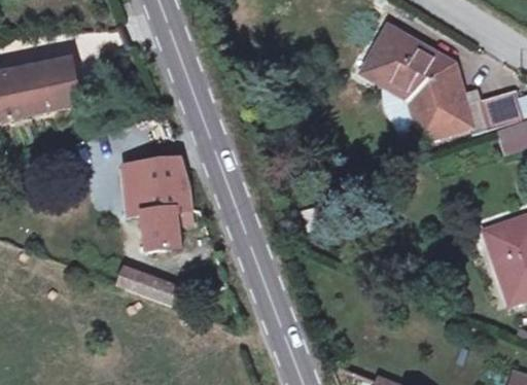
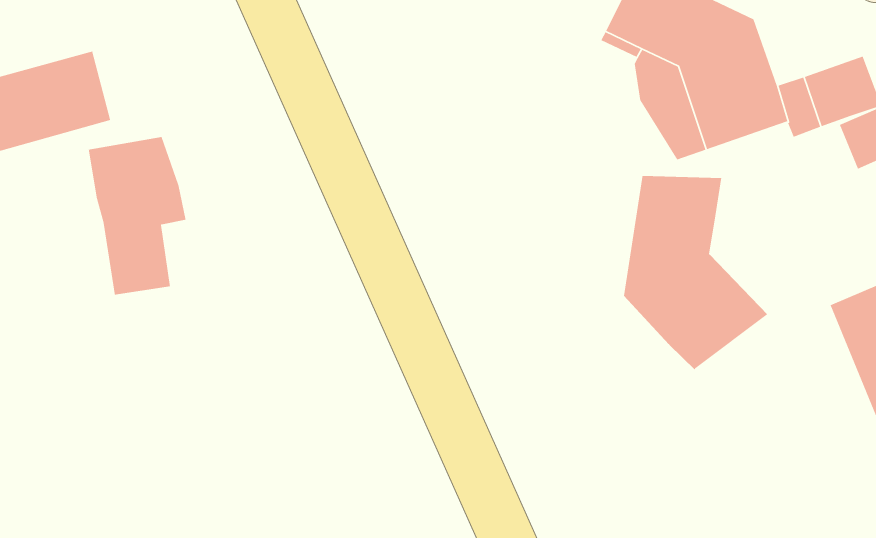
building: none -> [623,175,768,370]
building: [137,156,191,247] -> [88,136,187,296]
building: [120,265,178,306] -> none

